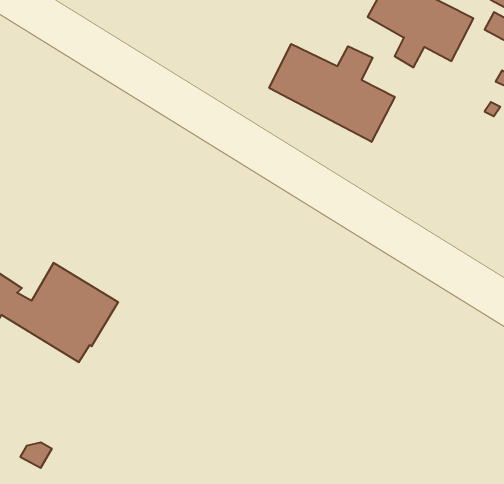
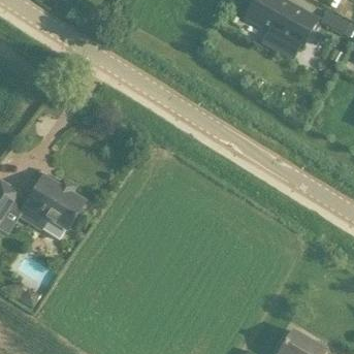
building: [269,44,395,142] -> none

